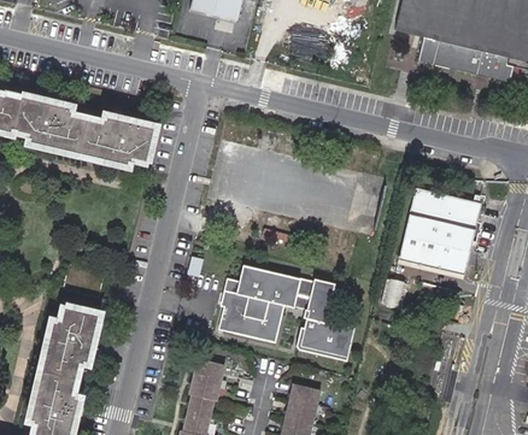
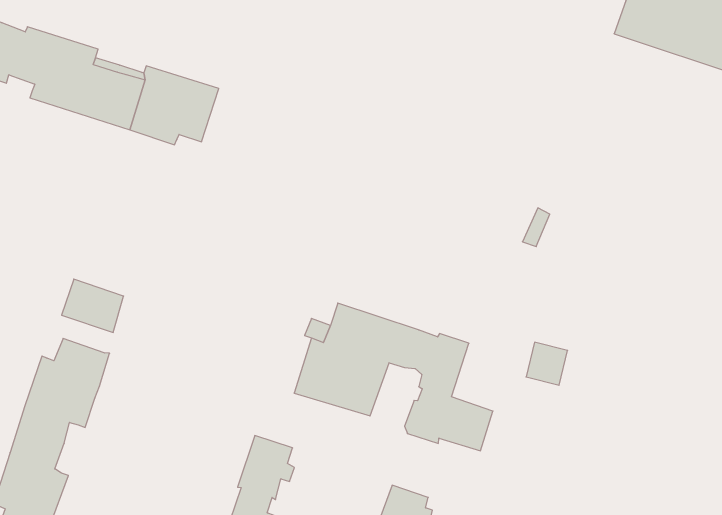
building: [398,188,479,275] -> none

